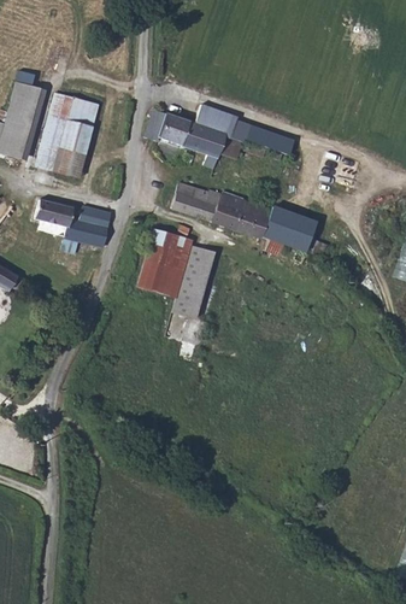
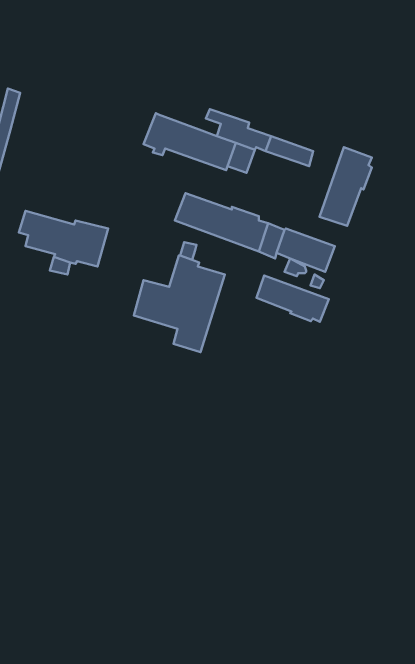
building: [34,90,101,175] -> none
building: none -> [320,147,372,226]
building: none -> [257,275,329,322]

